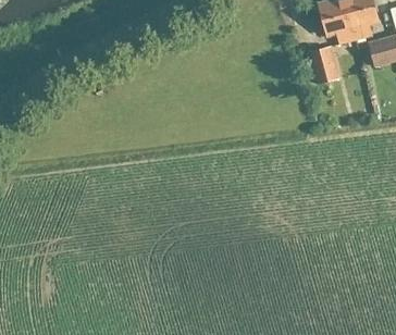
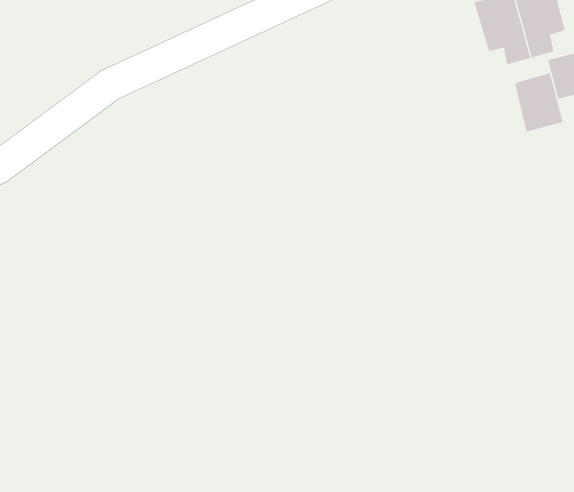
building: [308,45,341,84] -> [514,73,564,132]

